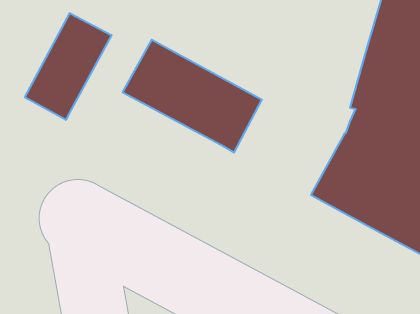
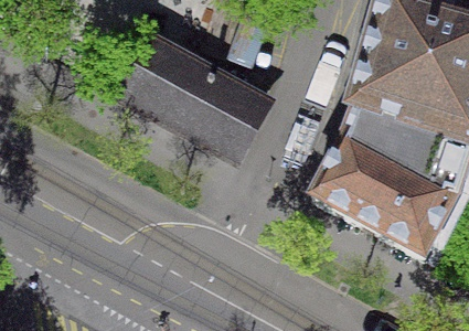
building: [25,13,112,120] -> none

